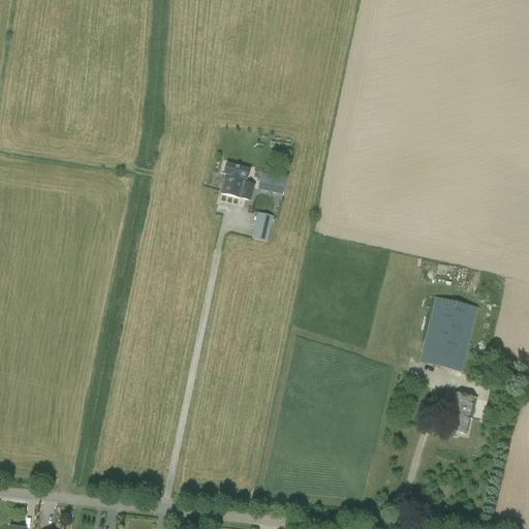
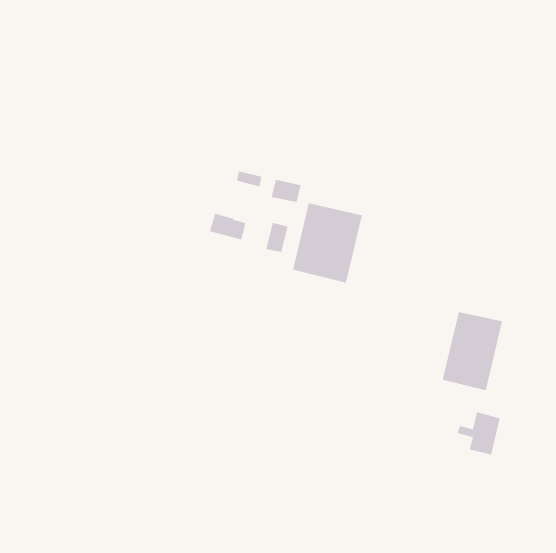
building: [220,174,255,199] -> [209,213,246,240]
building: none -> [292,202,362,284]

